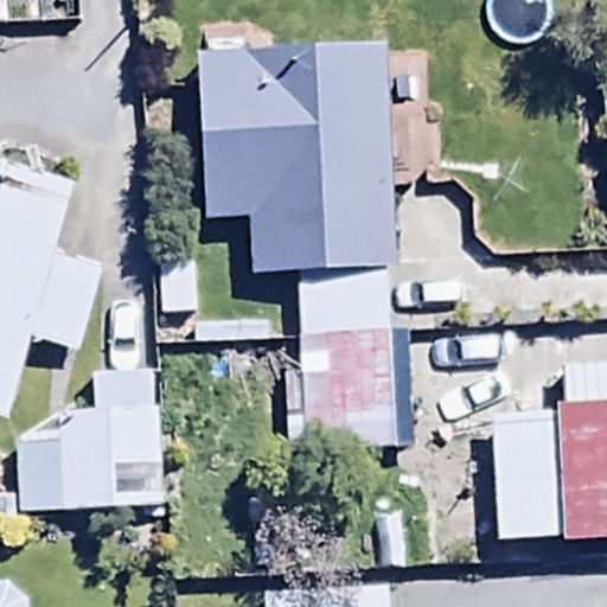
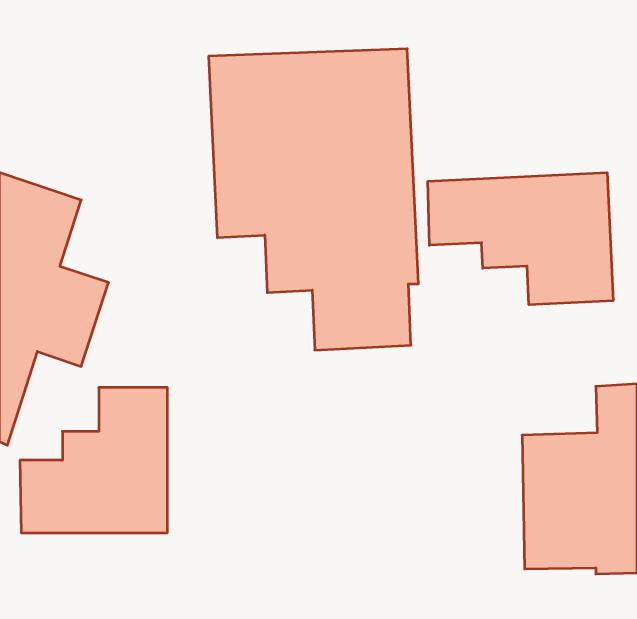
building: none -> [428,173,613,305]
building: [299,327,417,453] -> none

